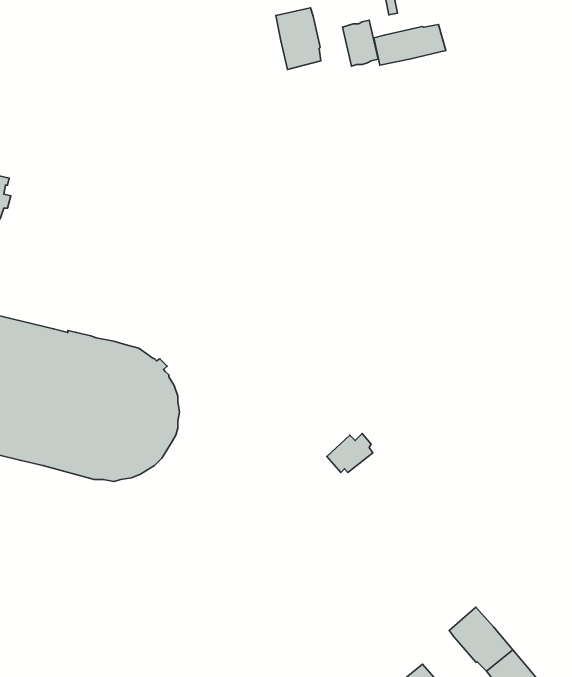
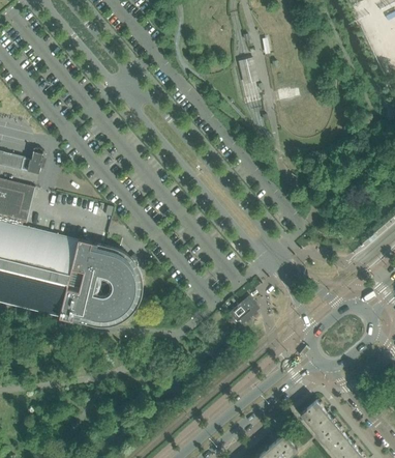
building: [276,8,321,69] -> none
building: [374,25,446,65] -> none

